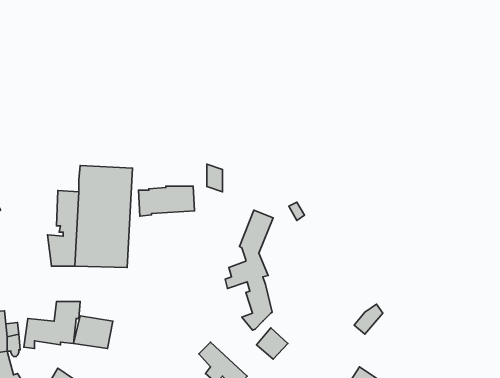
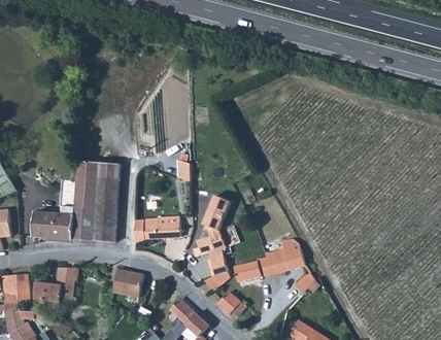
building: [138,186,195,216] -> [135,217,179,241]
building: none -> [33,214,55,240]
building: none -> [233,238,307,281]
building: [74,316,113,349] -> [111,269,142,295]

